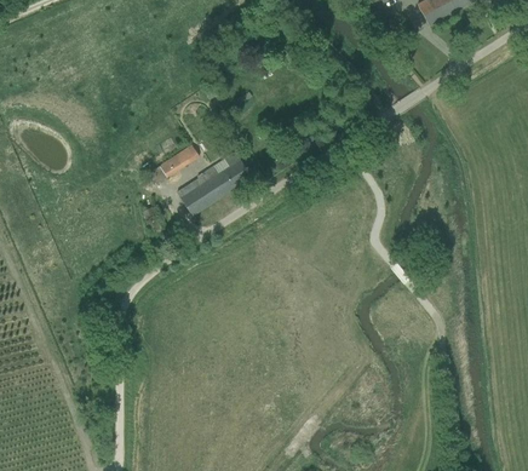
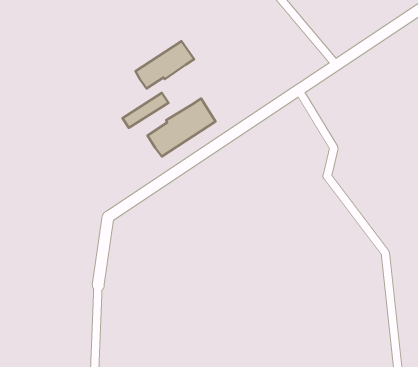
building: none -> [136,41,194,89]

